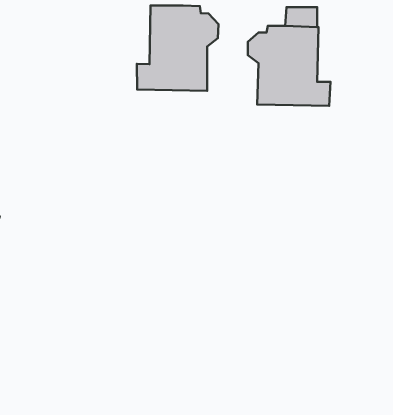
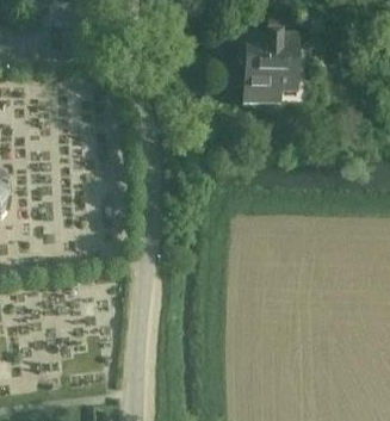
building: [137,5,218,91] -> none

